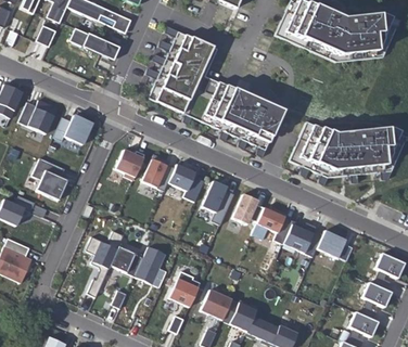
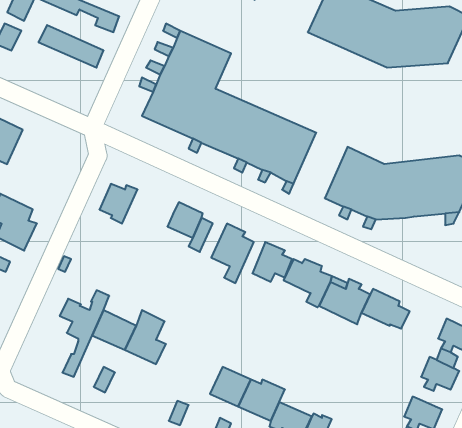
building: [53,114,92,143] -> none
building: [142,153,173,190] -> none
building: [169,270,201,306] -> none

